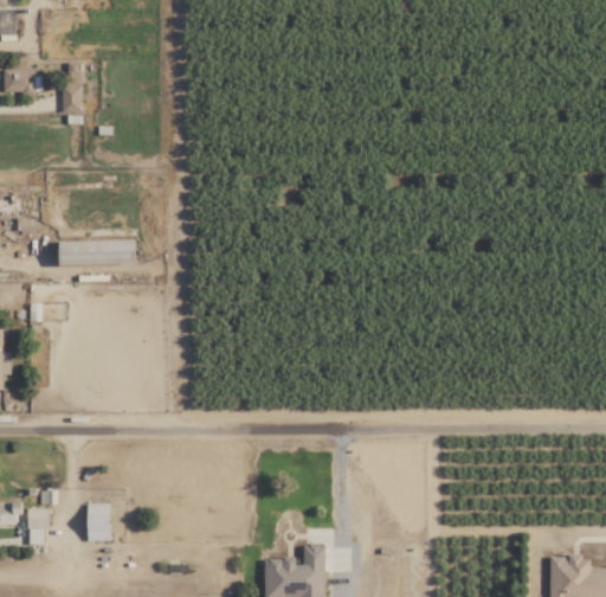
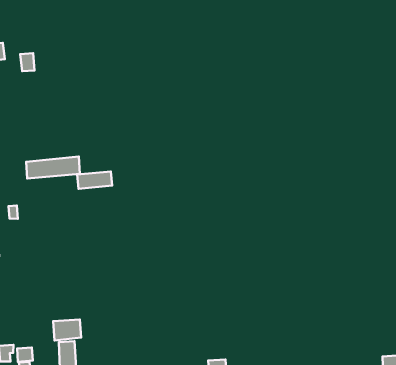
building: none -> [77,172,112,189]
building: none -> [53,319,81,340]

